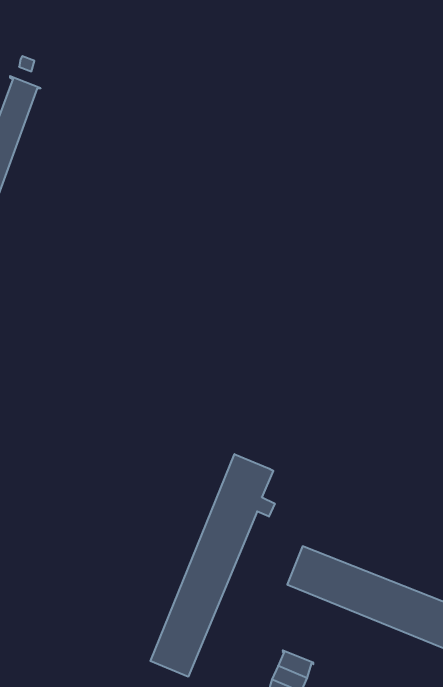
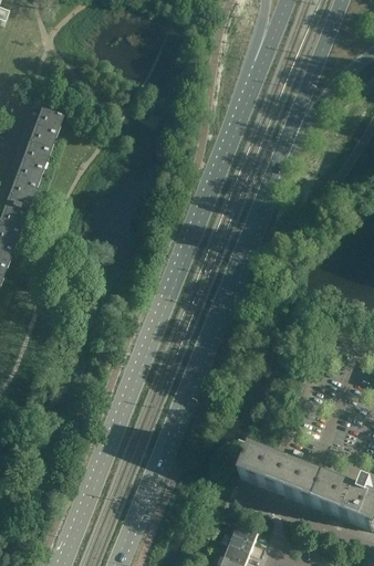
building: [150,454,275,677] -> none

